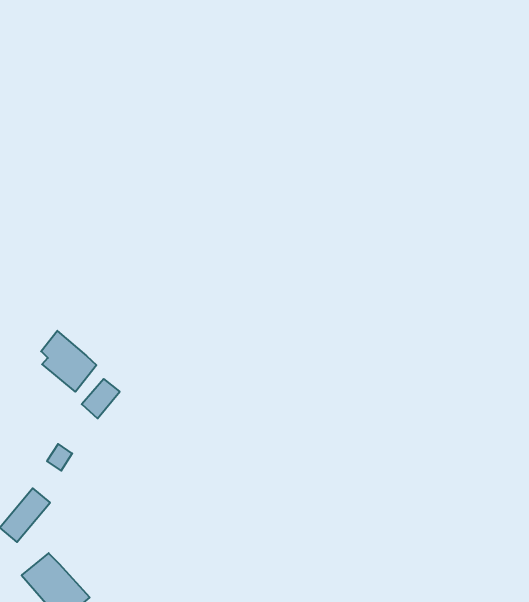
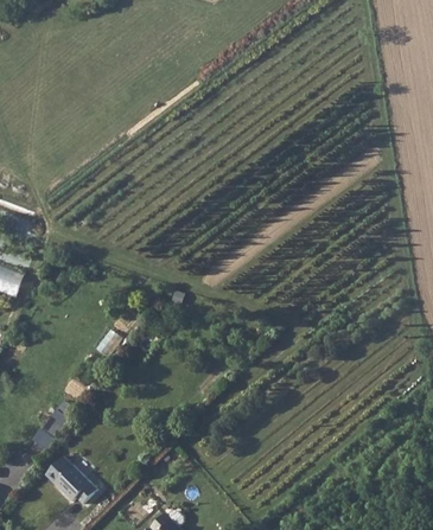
building: [41,331,96,392] -> none

